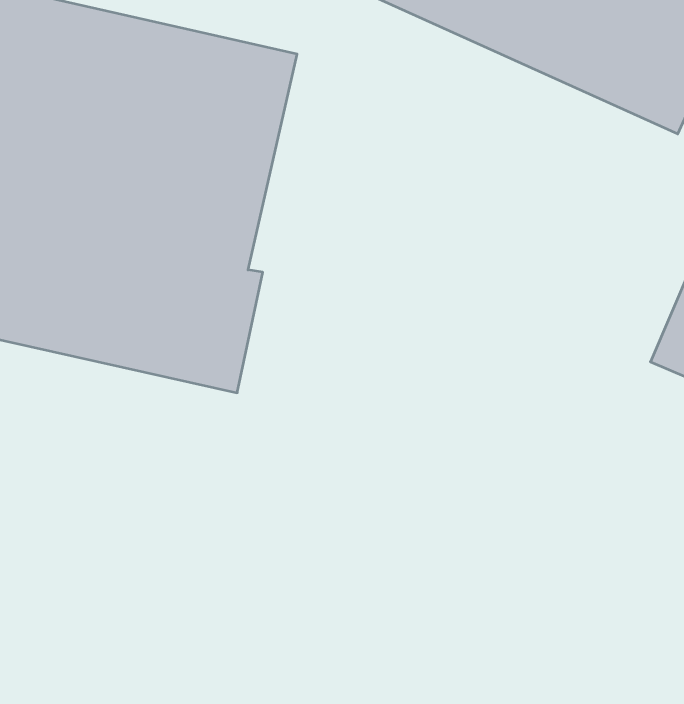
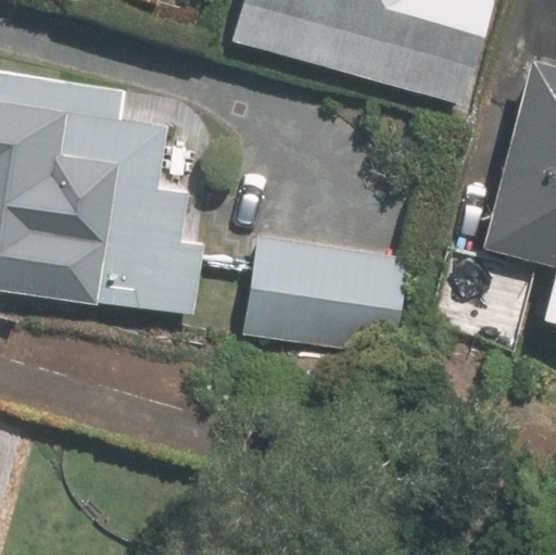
building: none -> [239,236,406,351]

